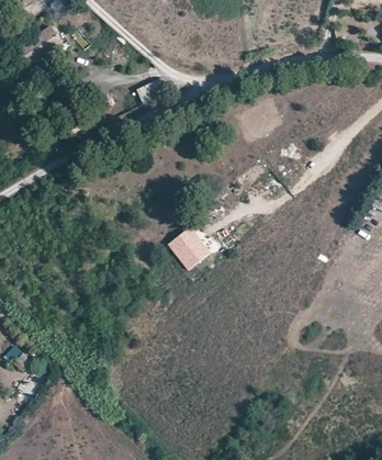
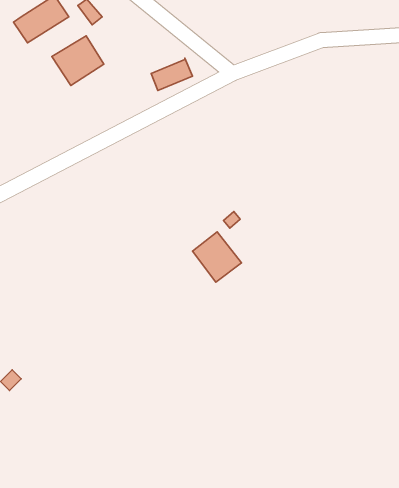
building: none -> [52,36,104,85]

